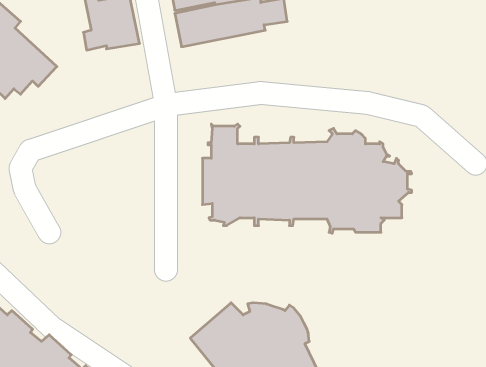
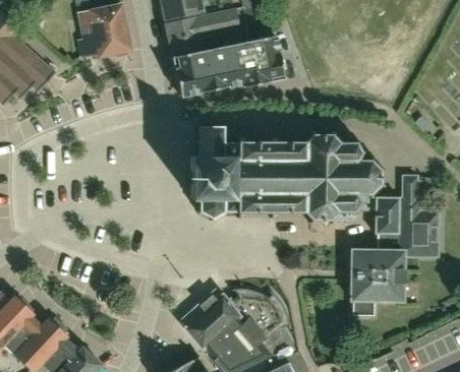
building: none -> [173,36,283,96]
building: none -> [350,177,437,315]

